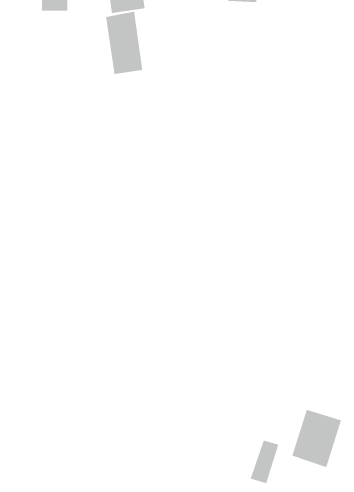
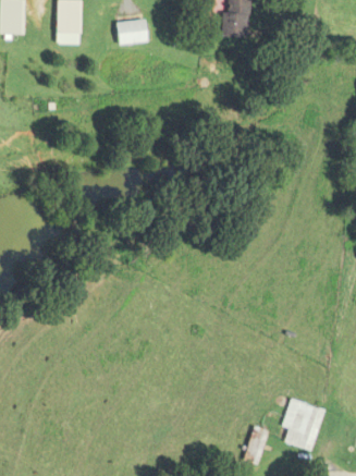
building: [106,11,143,75] -> none

